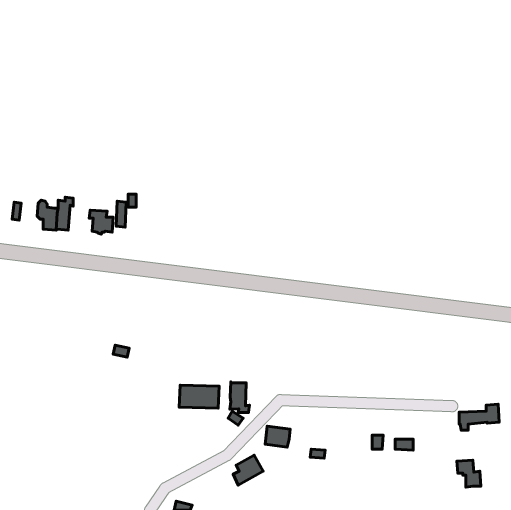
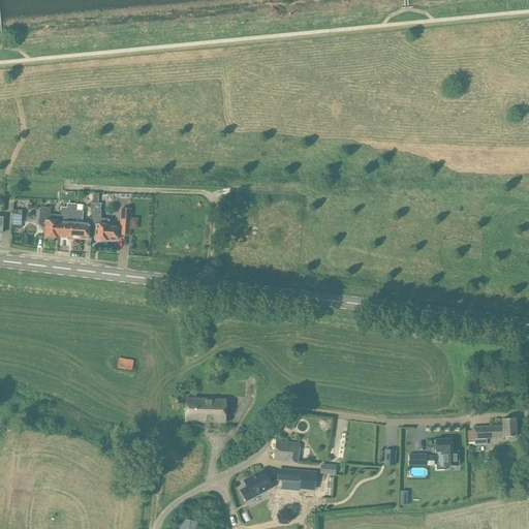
building: none -> [70,211,89,239]
building: [230,382,249,413] -> none
building: none -> [277,468,316,490]
building: [457,460,481,487] -> [434,438,459,466]

